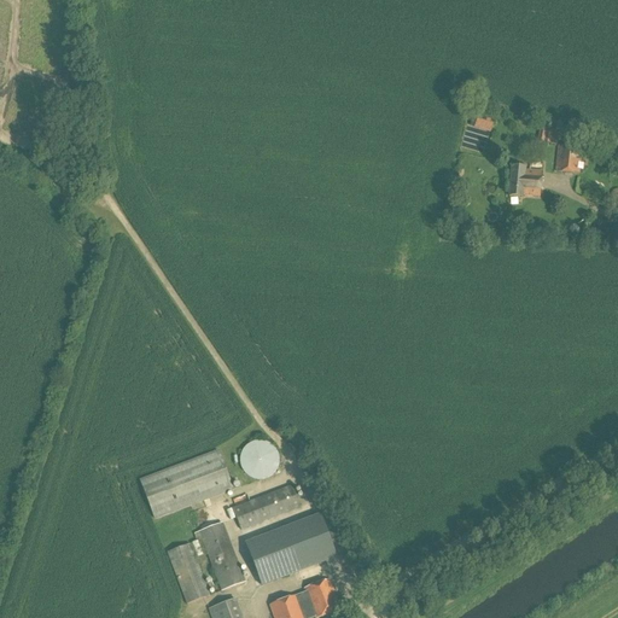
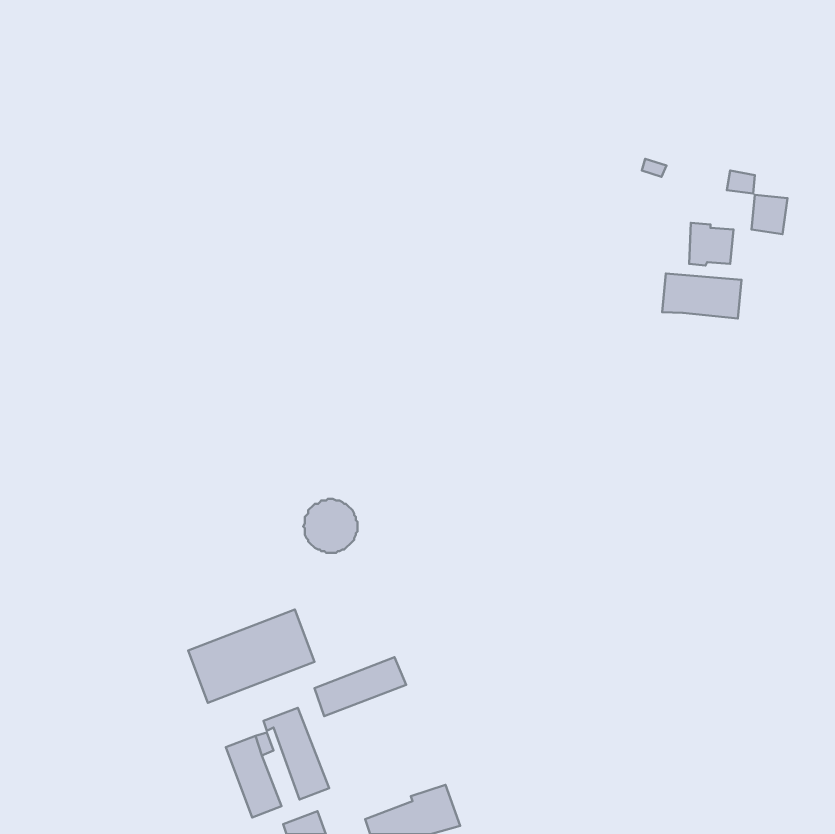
building: none -> [662,274,742,318]
building: [238,438,278,478] -> [303,499,357,553]
building: [245,514,334,583] -> none

